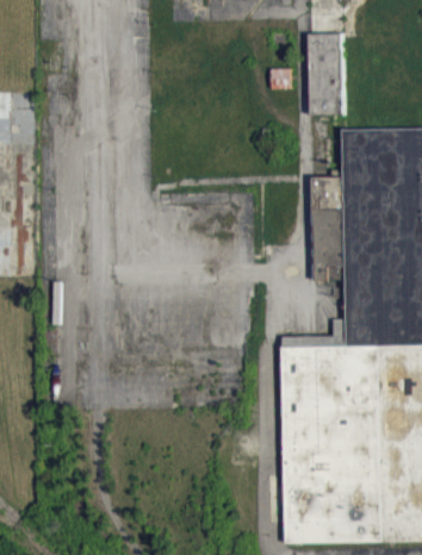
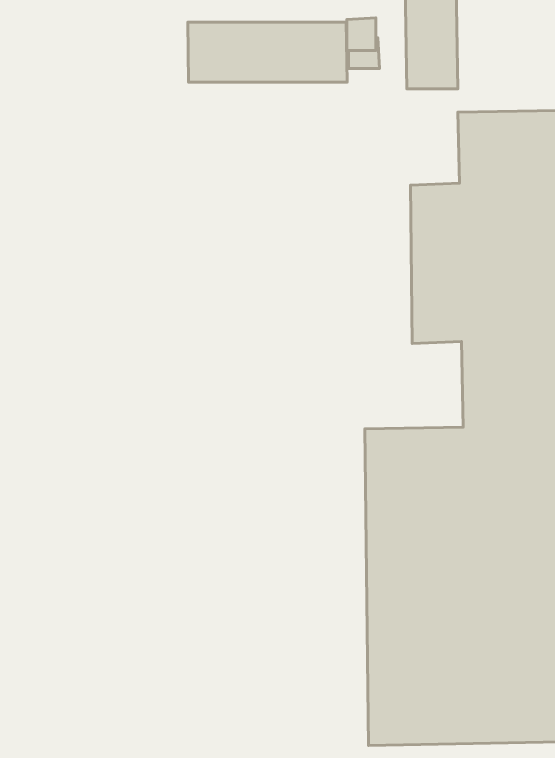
building: none -> [188,22,347,82]

